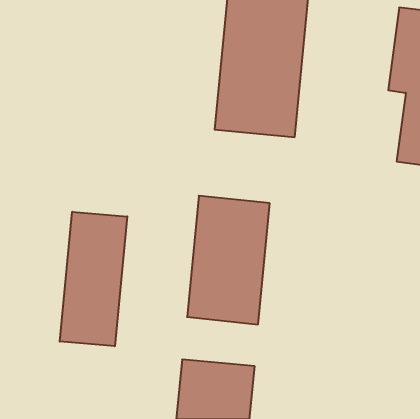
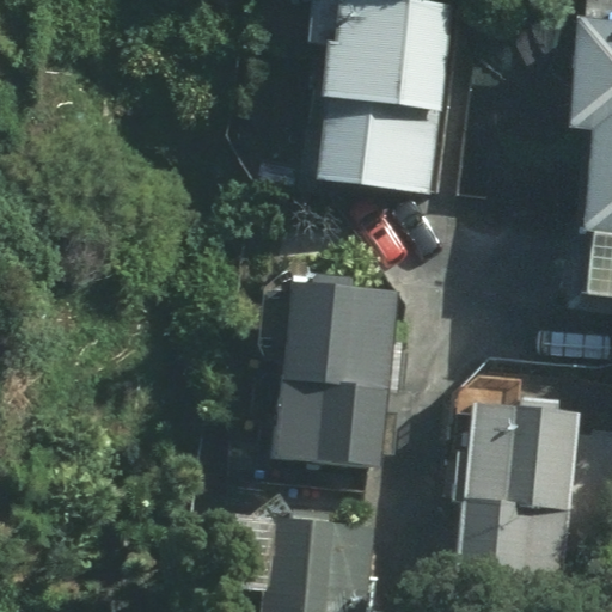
building: [60,212,127,346] -> none
building: none -> [458,397,579,593]

